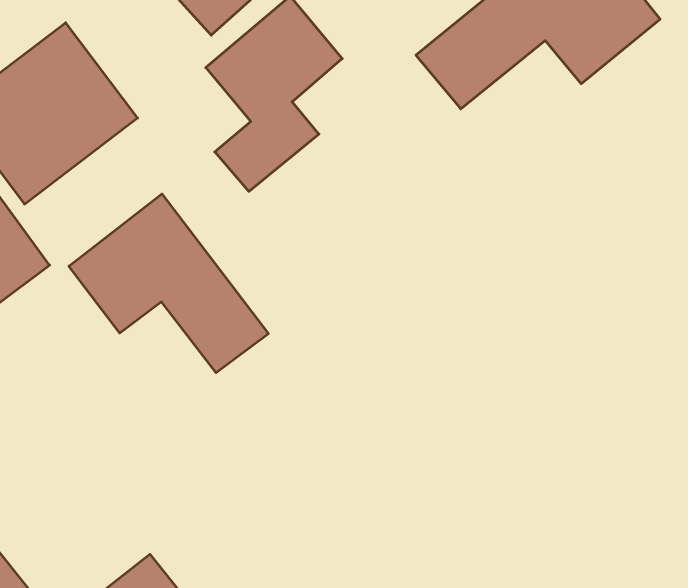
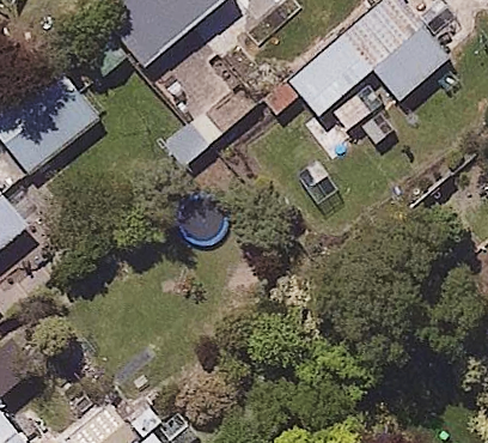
building: [69,194,268,373] -> none

